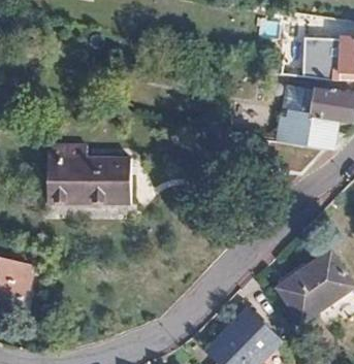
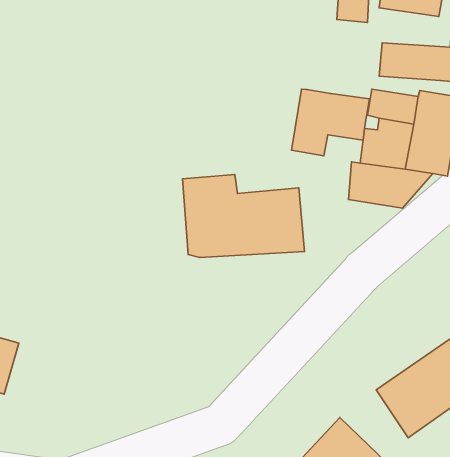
building: none -> [291,89,370,156]
building: [39,143,126,202] -> [182,175,304,257]

